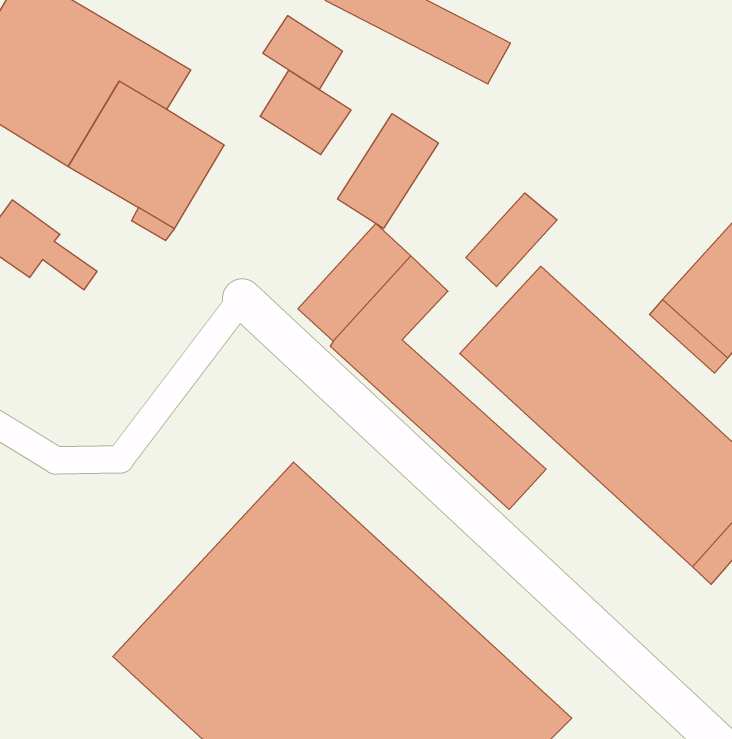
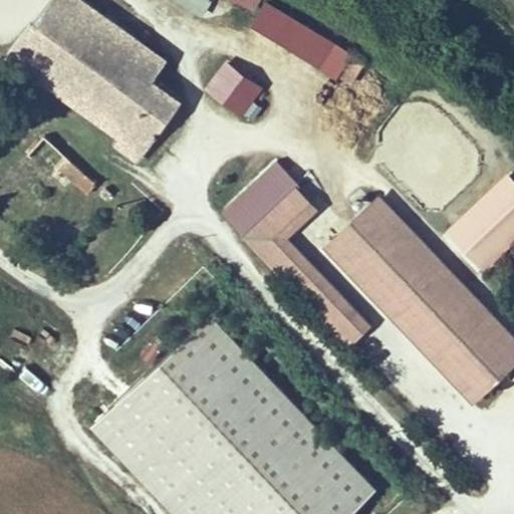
building: [263,16,342,90] -> none
building: [337,114,438,229] -> none
building: [466,193,557,287] -> none

